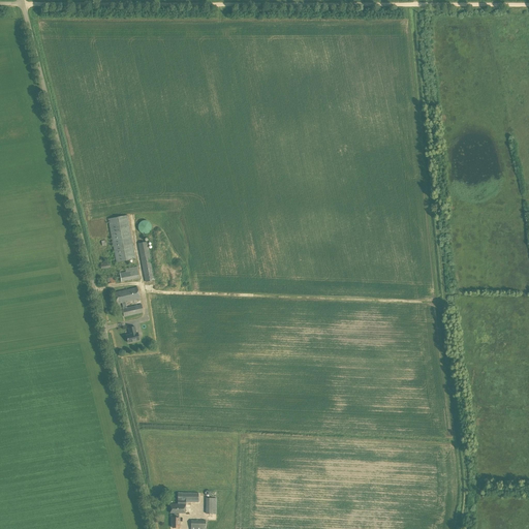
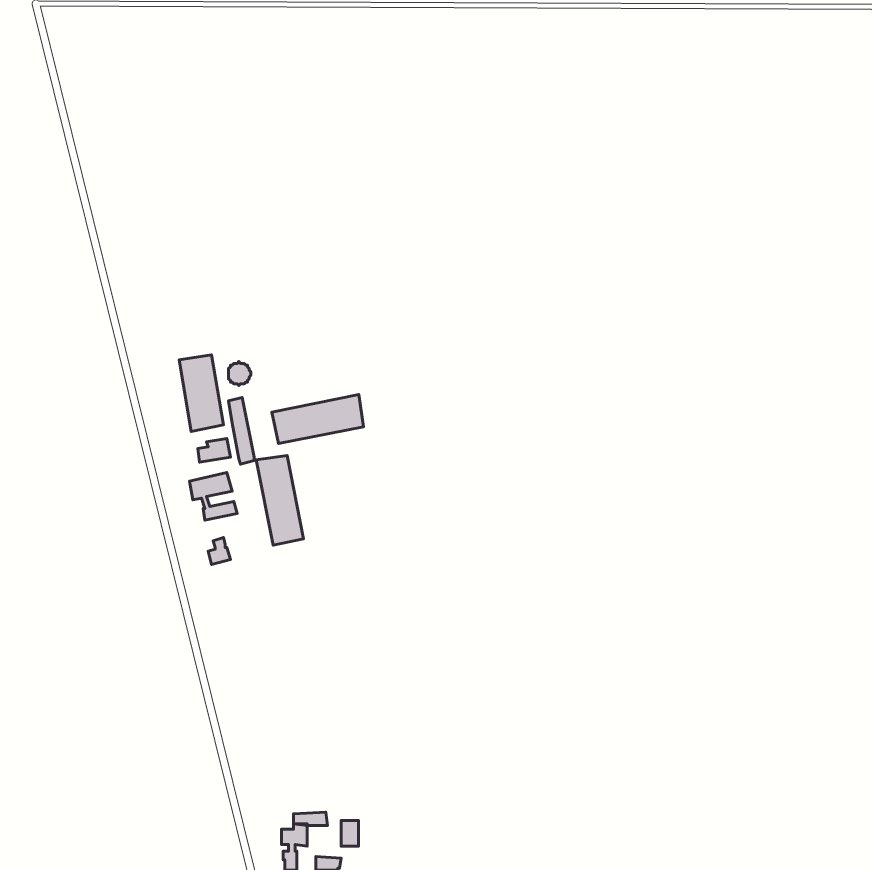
building: none -> [272,395,363,444]
building: none -> [256,455,304,545]

